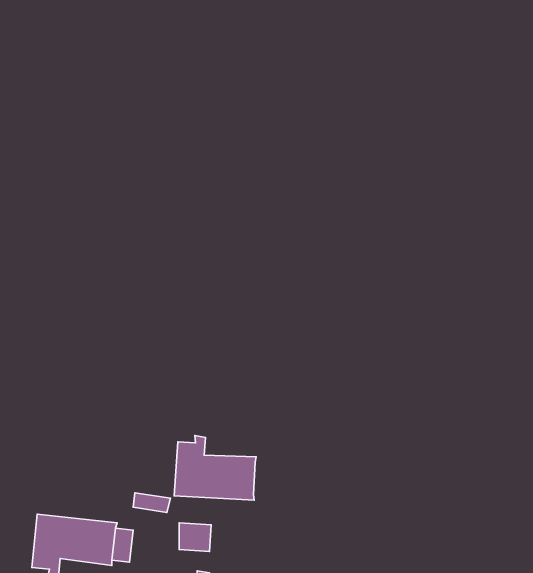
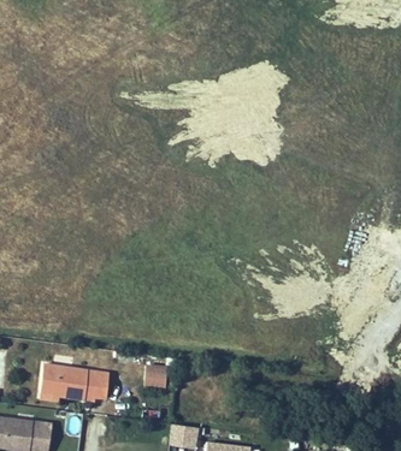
building: [174,436,256,500] -> none

